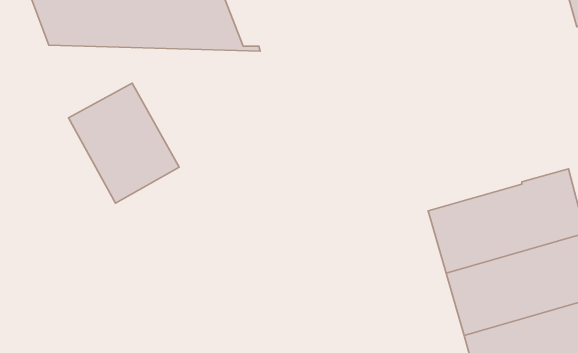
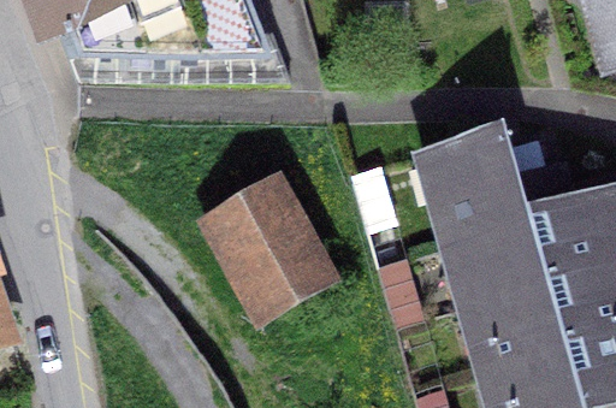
building: [69,83,179,203] -> [211,177,321,297]
building: none -> [432,123,550,229]

